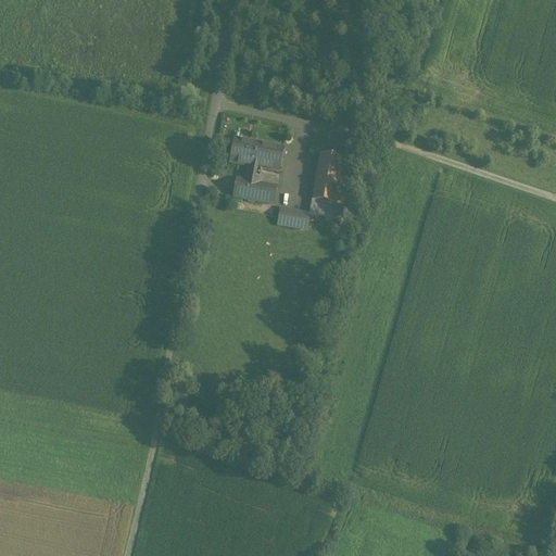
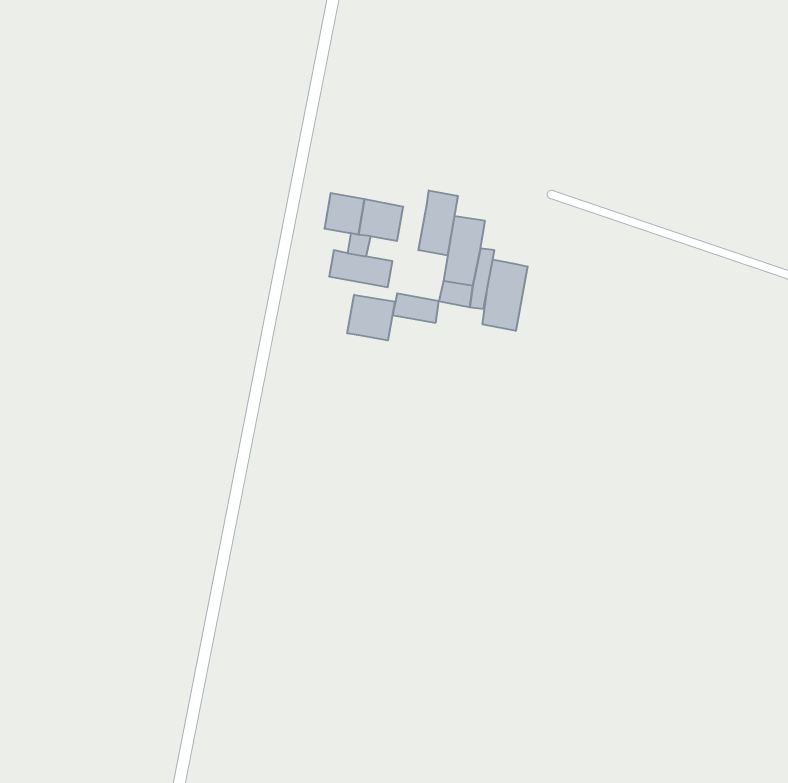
building: none -> [418,190,458,255]
building: none -> [483,259,528,331]
building: none -> [347,295,395,340]

